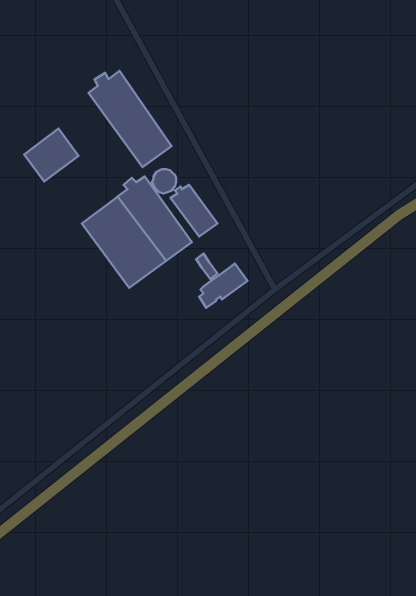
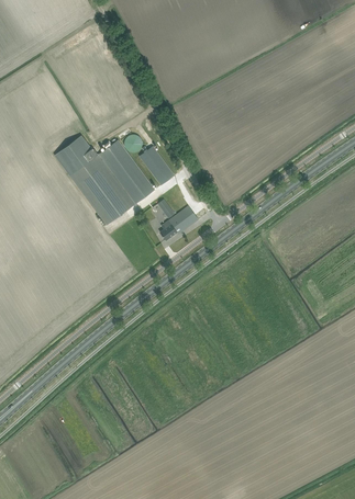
building: [89,71,171,167] -> none
building: [24,129,78,182] -> [55,135,97,175]

